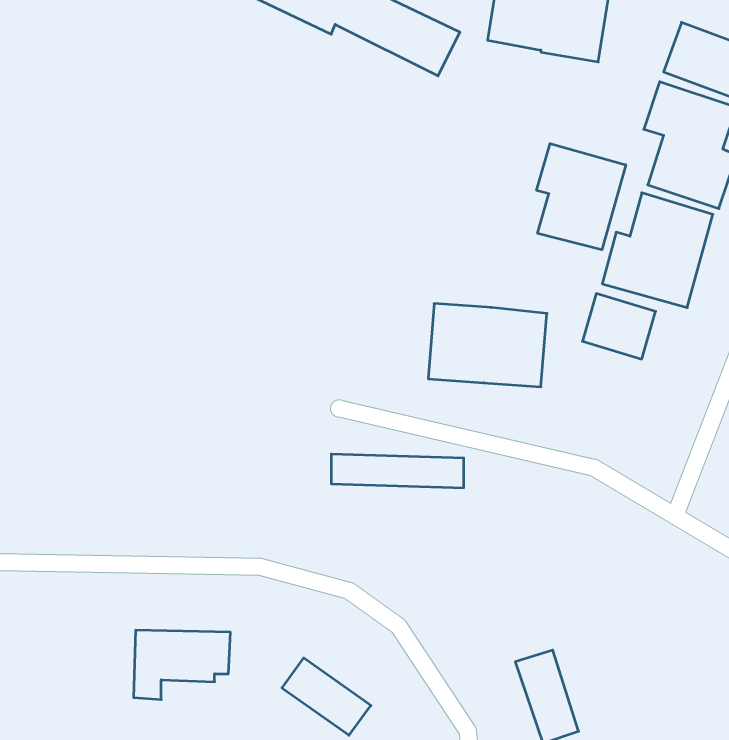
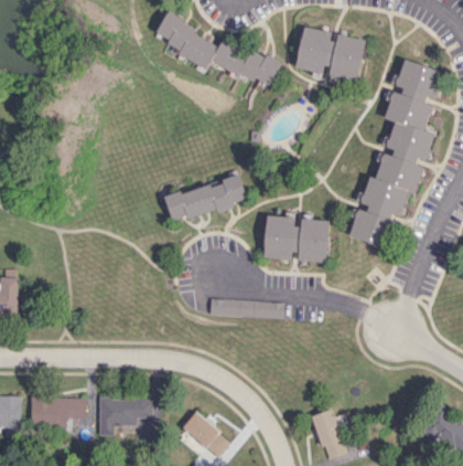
building: [537,144,626,250] -> none
building: none -> [165,176,247,223]
building: none -> [31,396,86,427]

